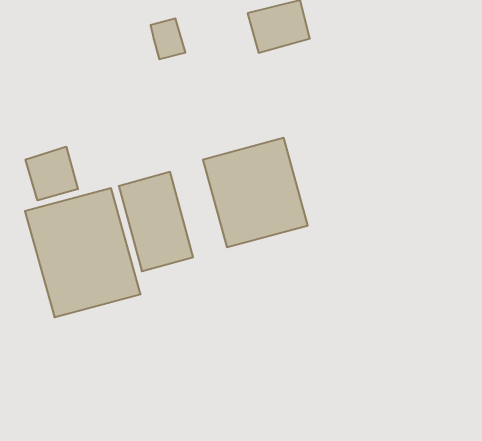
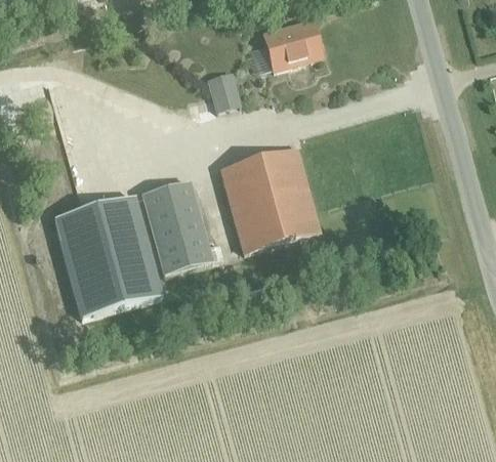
building: [150,19,185,59] -> [207,71,240,109]
building: [26,147,78,200] -> none

